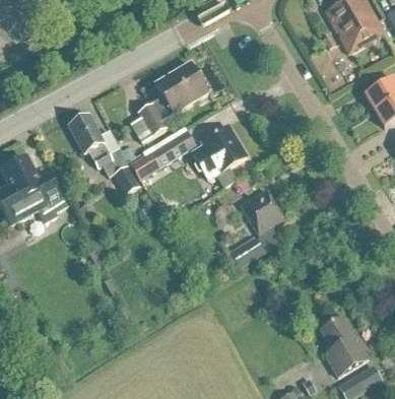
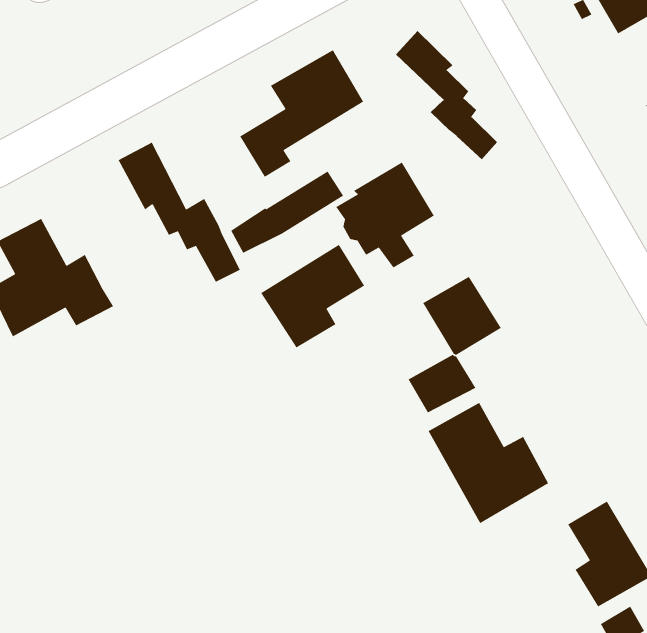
building: none -> [395,30,498,160]
building: none -> [260,244,365,349]
building: none -> [428,402,549,524]

